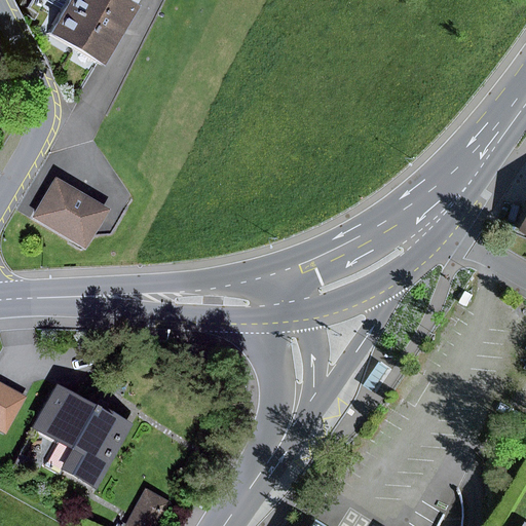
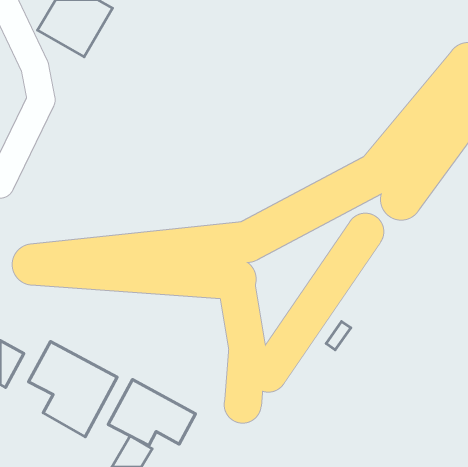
building: [33,174,110,246] -> none
building: none -> [108,380,195,445]

